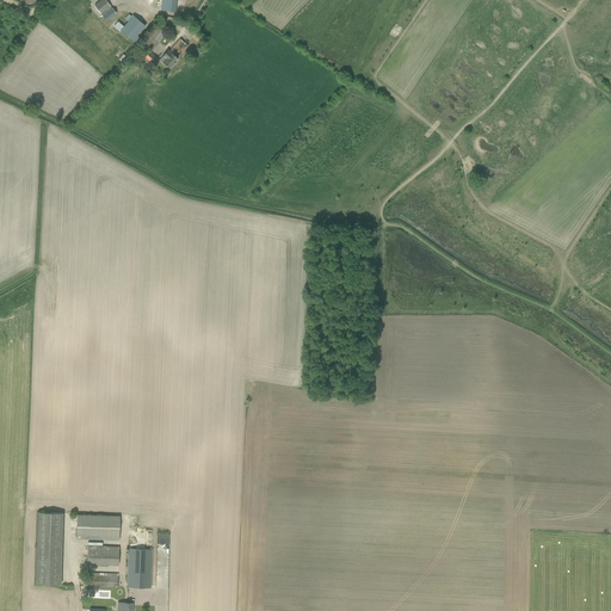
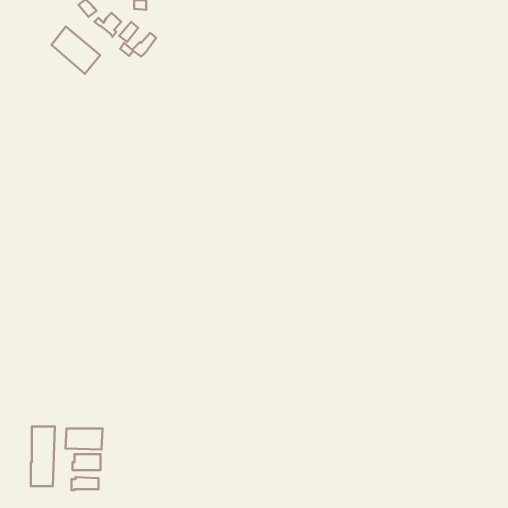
building: none -> [52,27,100,74]
building: [128,548,152,588] -> none

